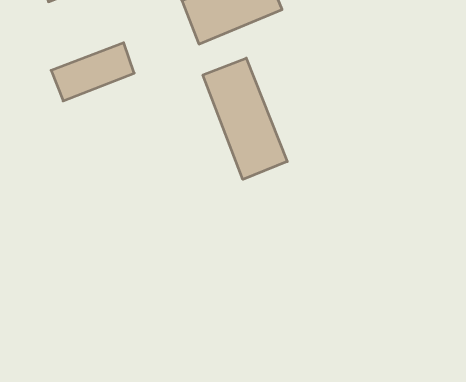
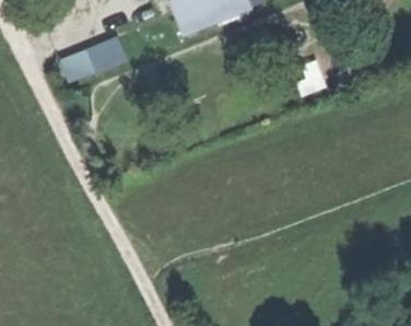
building: [203,58,287,179] -> none

